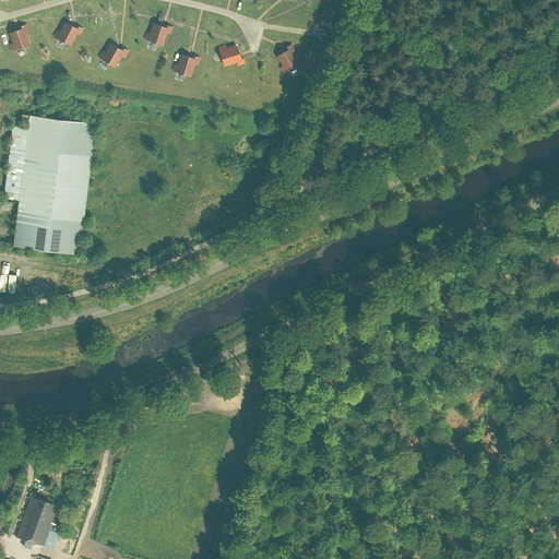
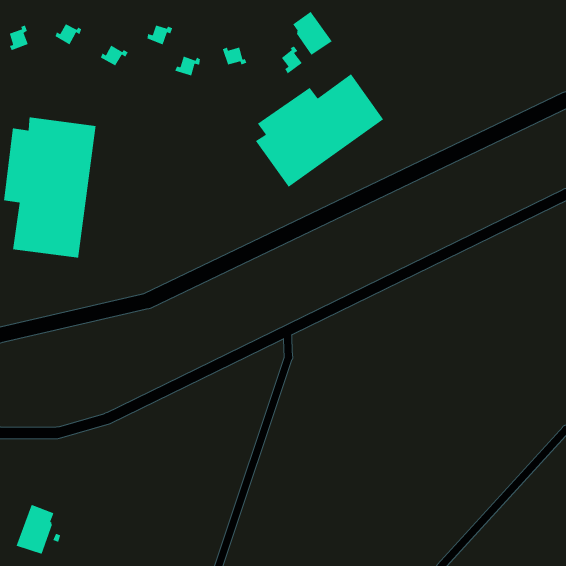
building: none -> [292,11,333,56]
building: none -> [255,73,384,188]

